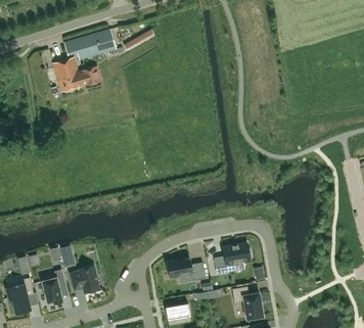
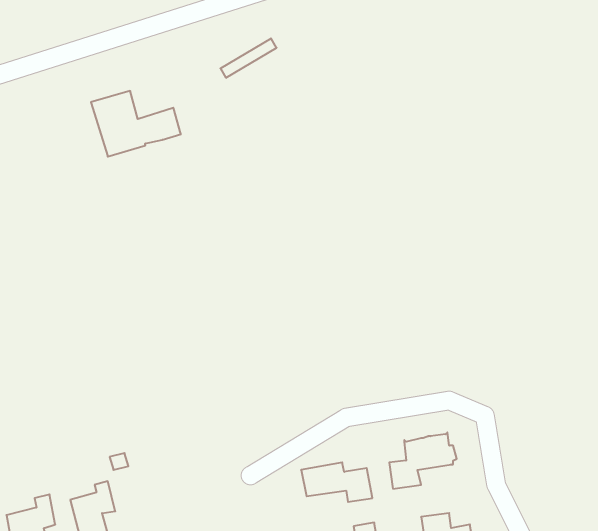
building: [64,30,116,60] -> none
building: [71,267,99,292] -> none

